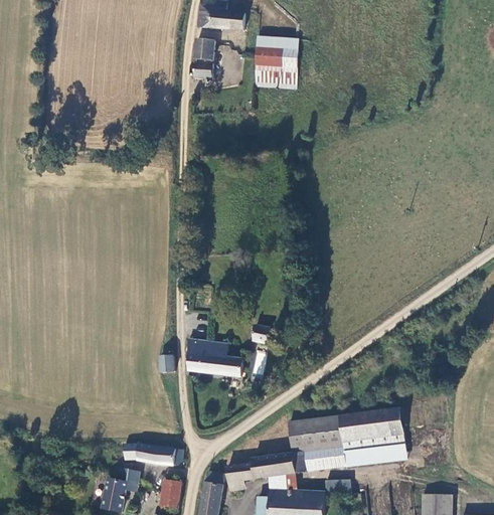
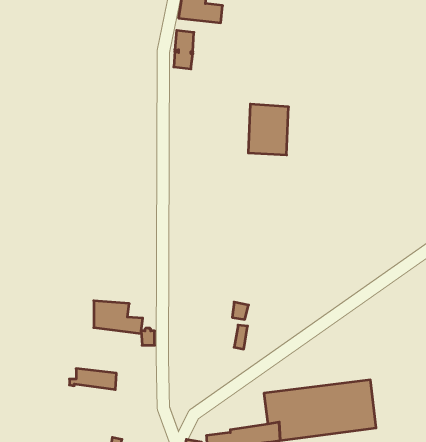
building: [255,39,297,93] -> [248,104,289,155]
building: [189,340,240,374] -> [94,301,143,333]
building: [131,443,180,465] -> [69,369,116,390]

